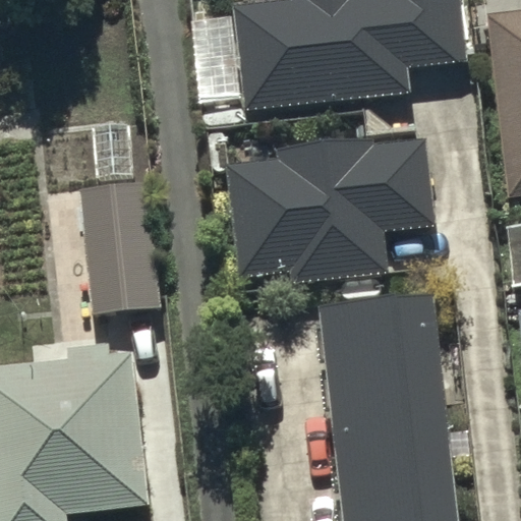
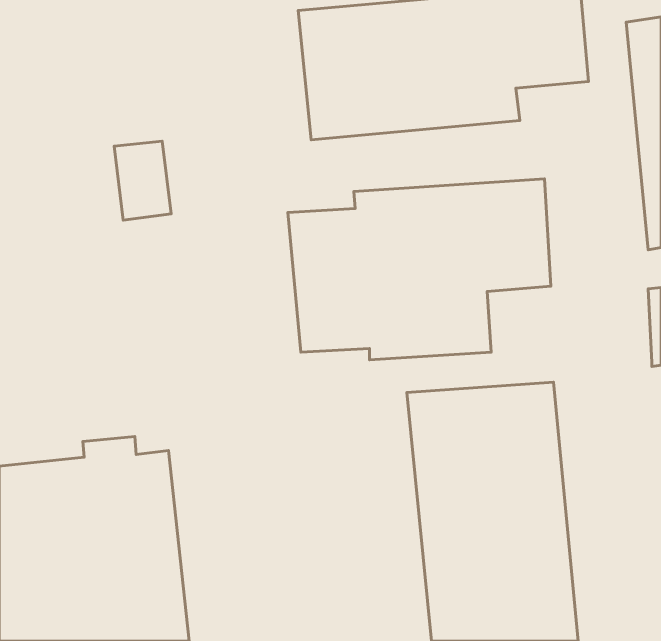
building: [78,181,161,312] -> none

